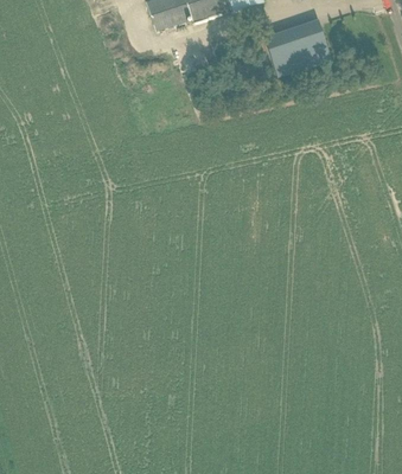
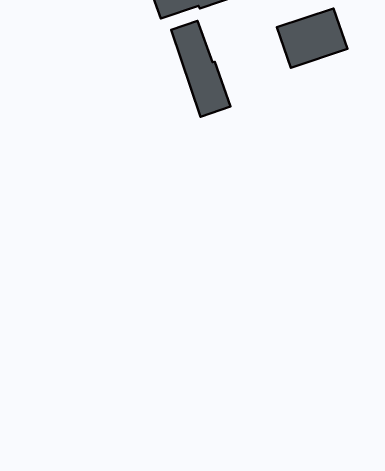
building: none -> [171,21,230,117]

